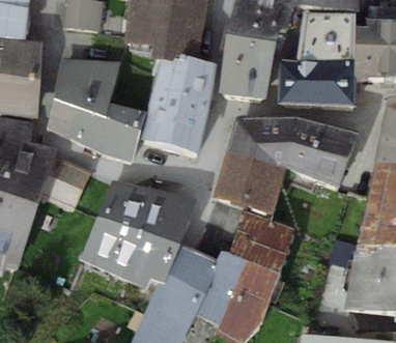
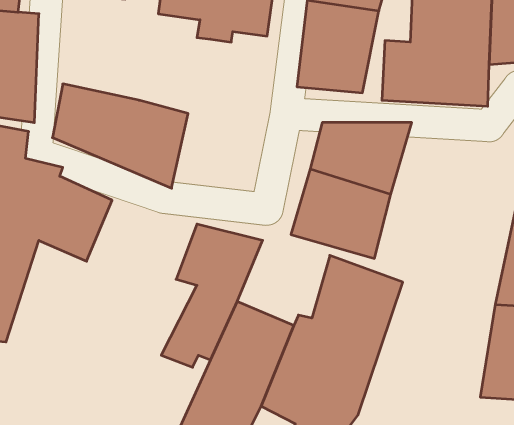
building: [143,54,218,151] -> none
building: [57,58,120,102] -> none
building: [285,117,360,187] -> none
building: [81,178,150,279] -> none

